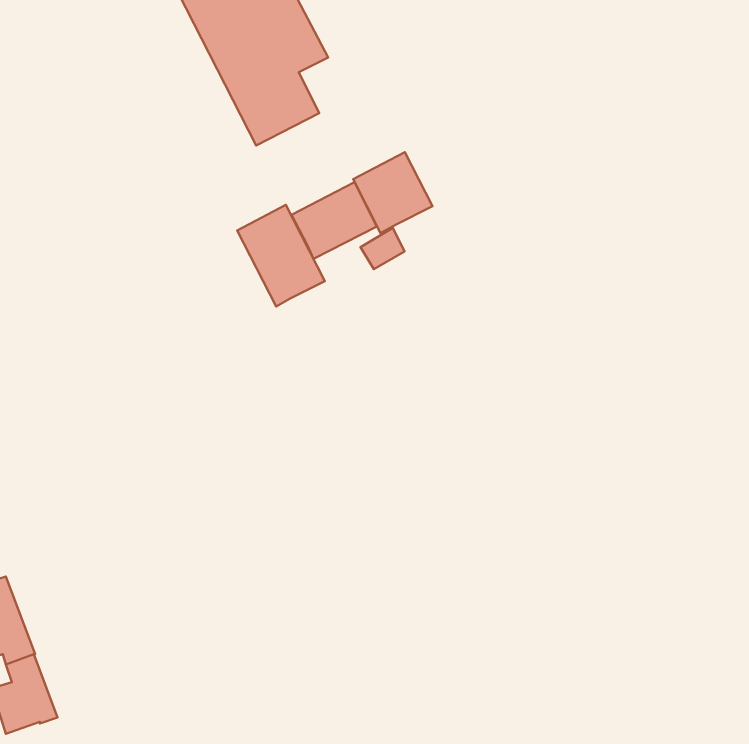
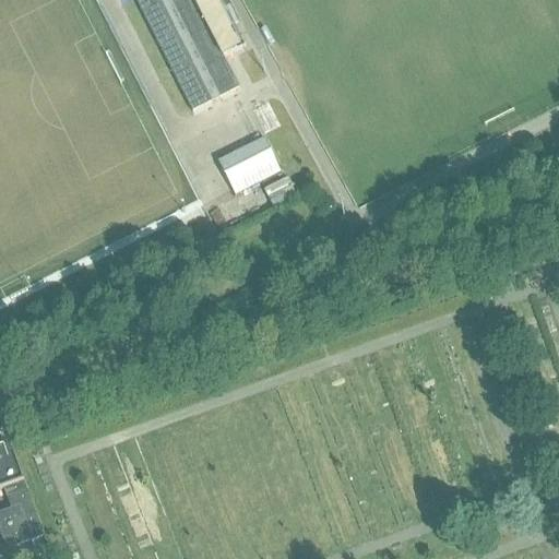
building: [353,152,432,233] -> none
building: [237,205,325,307] -> none

